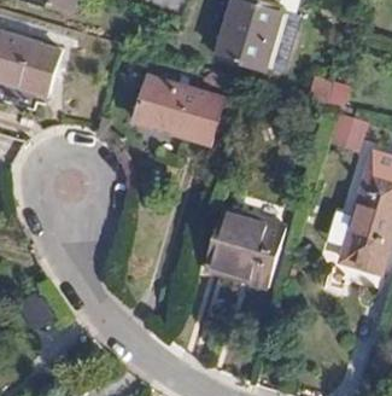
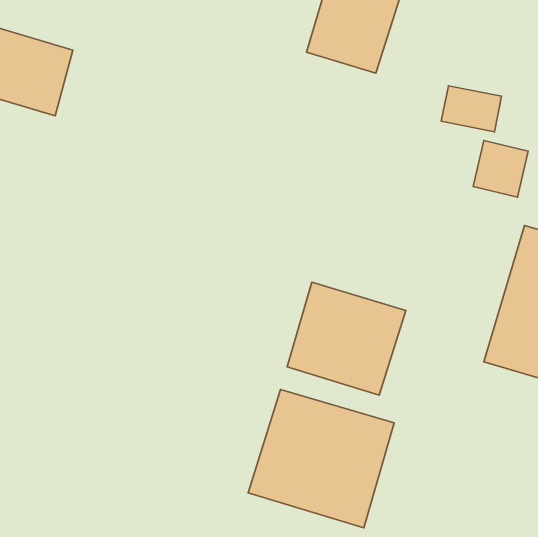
building: [134,78,222,144] -> none
building: none -> [248,389,394,528]

